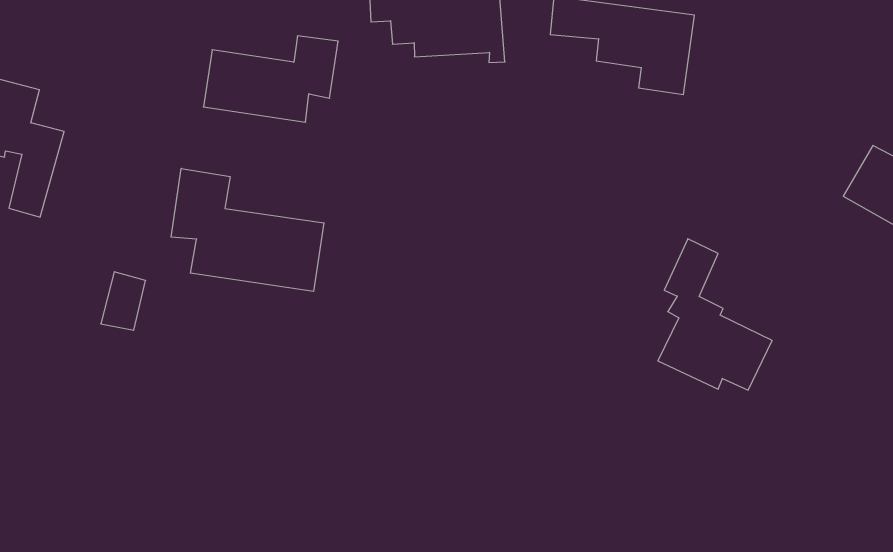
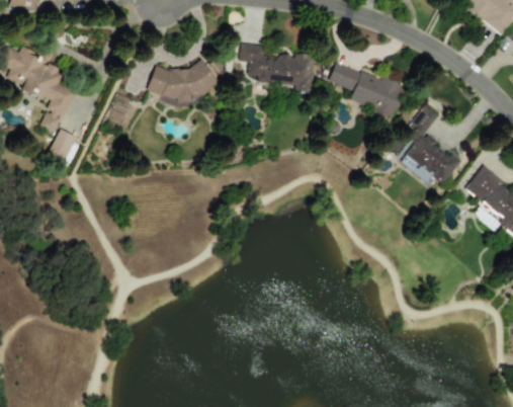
building: [171,168,324,291] -> none
building: [658,239,772,390] -> [401,102,460,184]
building: [101,272,146,330] -> [49,129,75,160]

